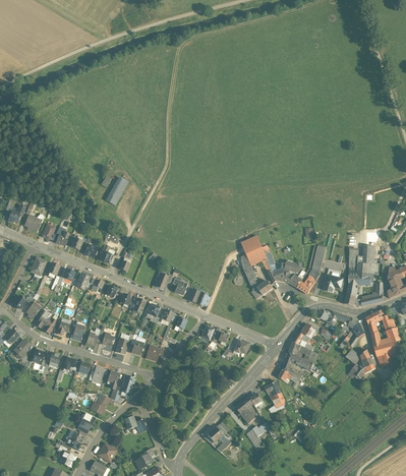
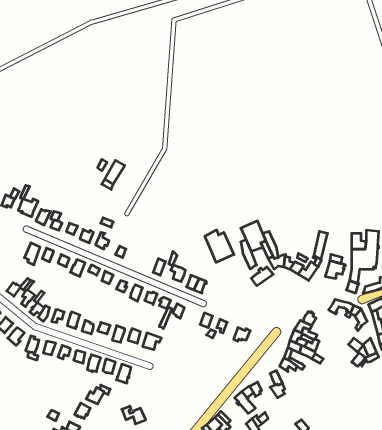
building: none -> [205,230,234,262]

